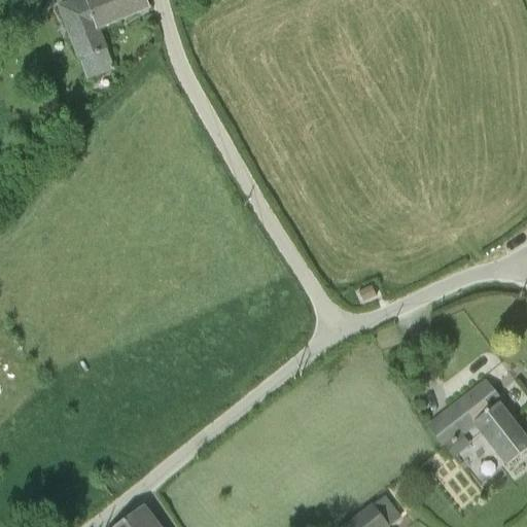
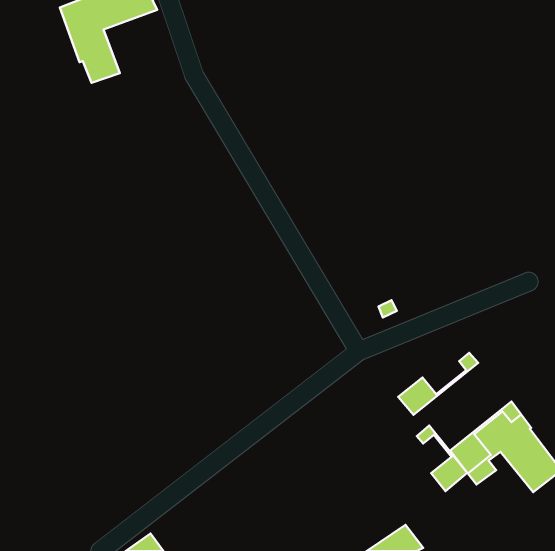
building: none -> [398,353,478,415]
building: none -> [417,426,467,491]

